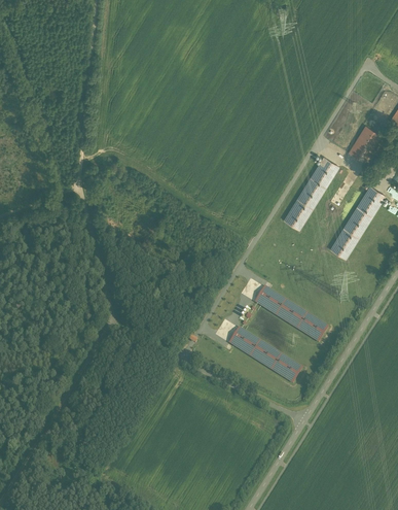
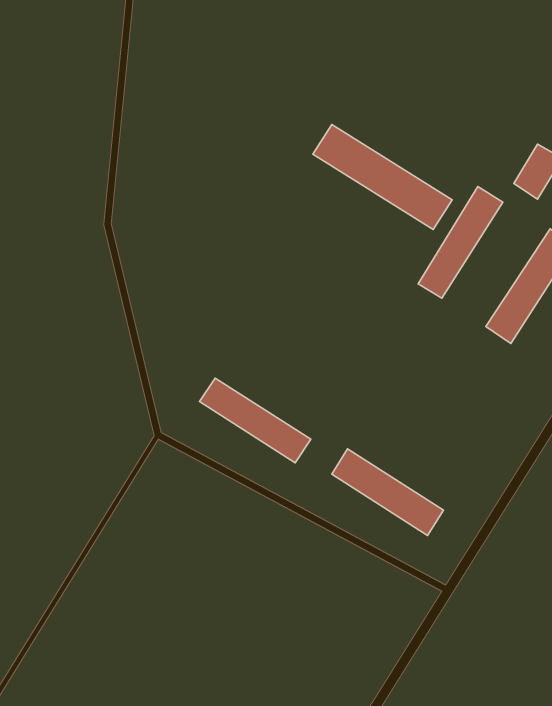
building: none -> [313,125,452,229]
building: [254,285,327,341] -> [200,378,311,463]

